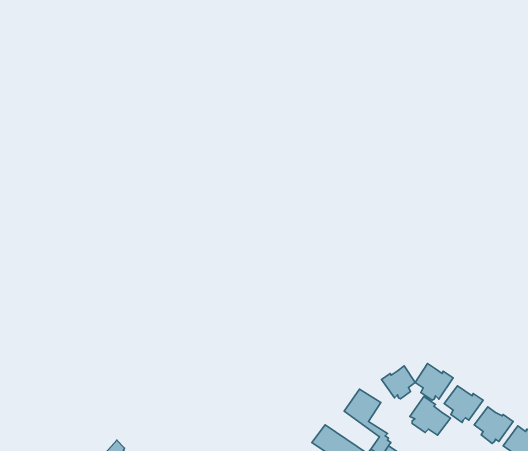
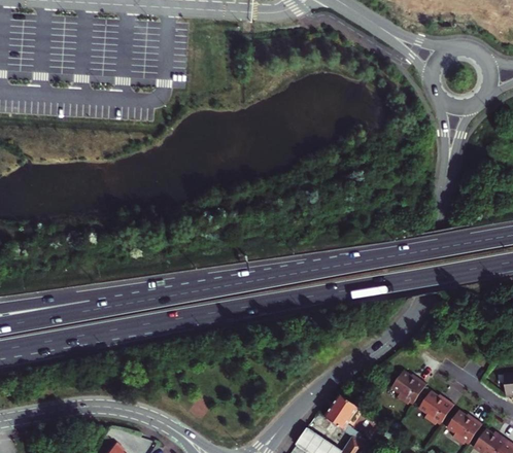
building: [381,366,415,399] -> none
building: [410,396,450,435] -> none

